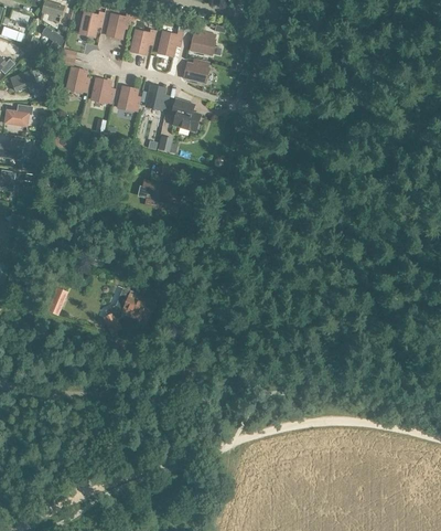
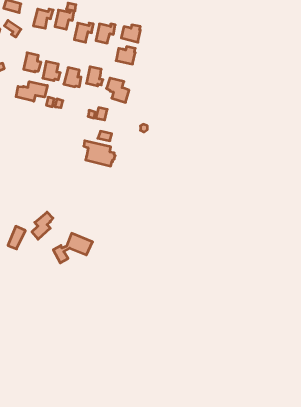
building: none -> [16,82,47,101]
building: none -> [32,212,53,239]

